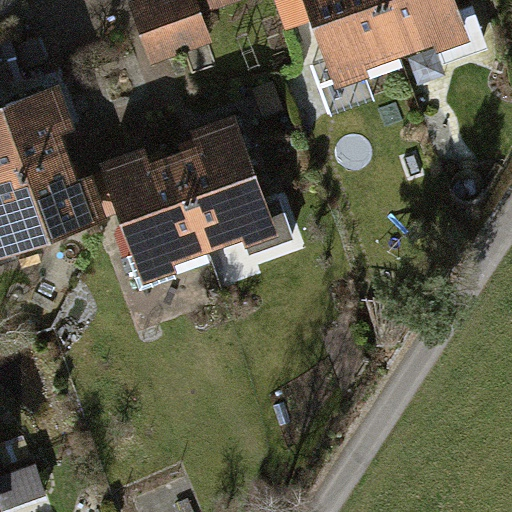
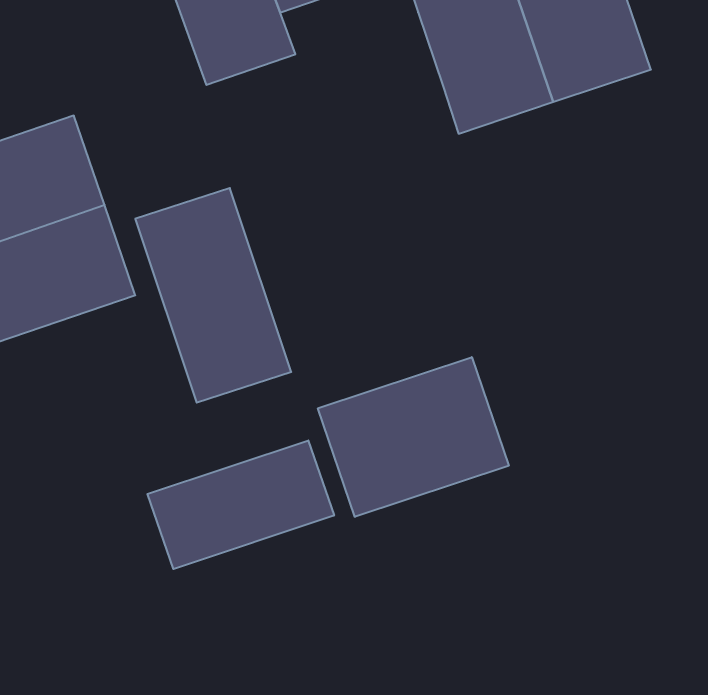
building: [165,112,279,267] -> none
building: none -> [318,357,509,517]
building: none -> [147,440,334,569]

